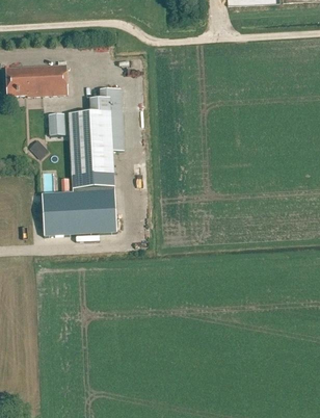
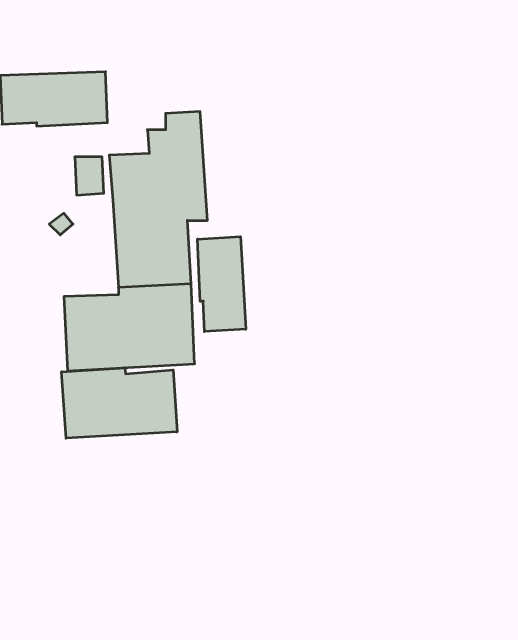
building: none -> [198,237,246,332]
building: none -> [62,368,177,438]

